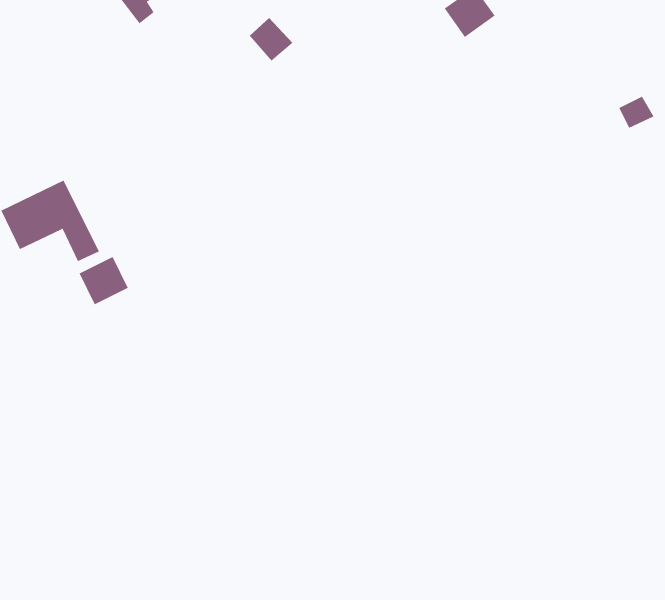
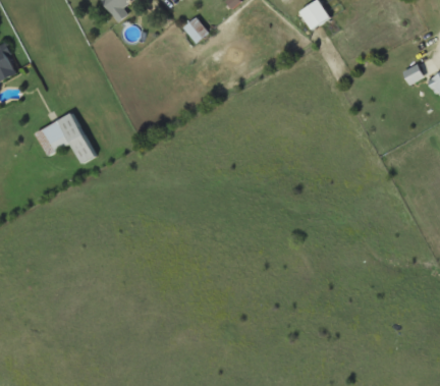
building: [79,256,129,305] -> none

